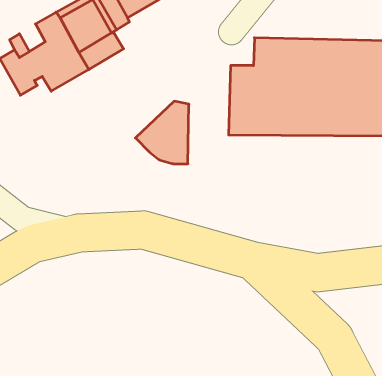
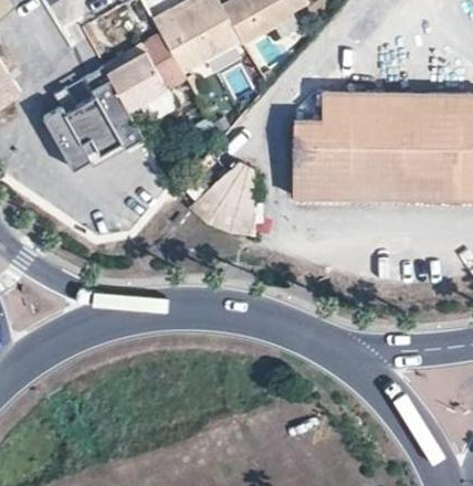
building: none -> [63,127,144,168]

